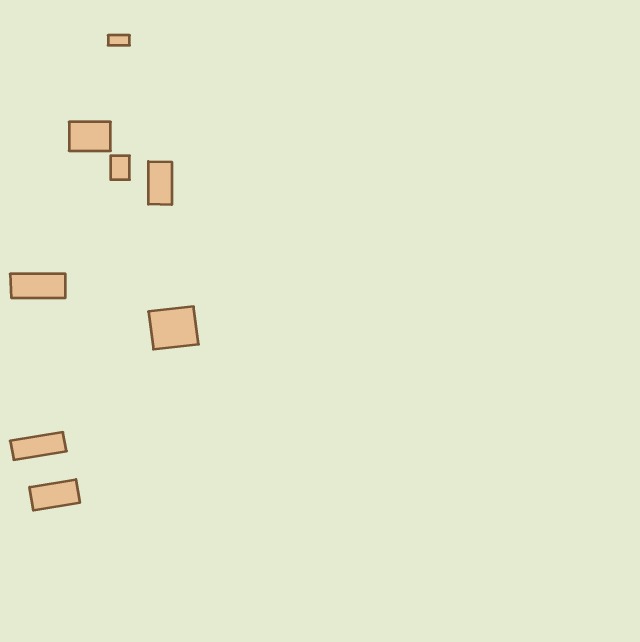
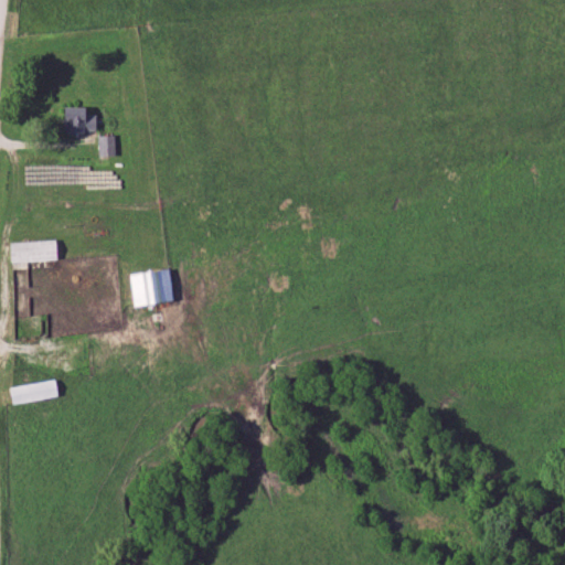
building: [148,161,172,205] -> none
building: [30,479,80,510] -> none

